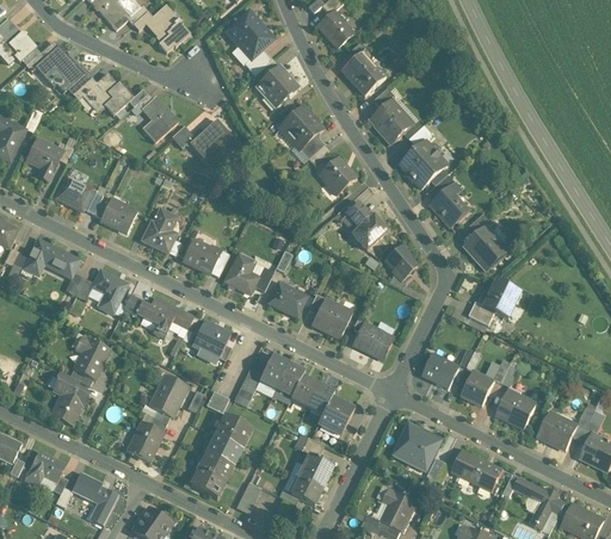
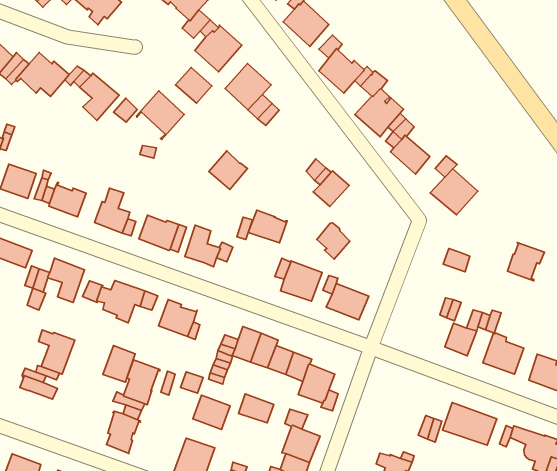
building: none -> [176,67,212,103]
building: [319,157,356,194] -> [209,151,247,189]
building: [385,246,416,280] -> [317,223,350,259]
building: [485,280,521,318] -> [508,243,544,281]
building: [267,283,306,316] -> [248,210,287,243]
building: [422,353,458,389] -> none
building: none -> [103,345,135,382]
building: [50,392,82,426] -> none
building: [391,422,442,471] -> none
building: [205,436,240,466] -> [239,394,274,423]

